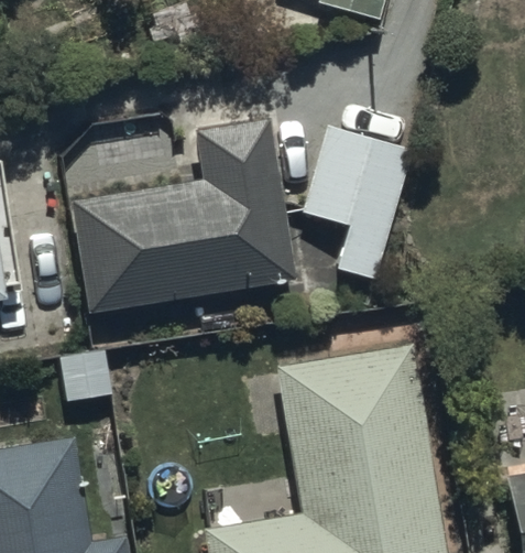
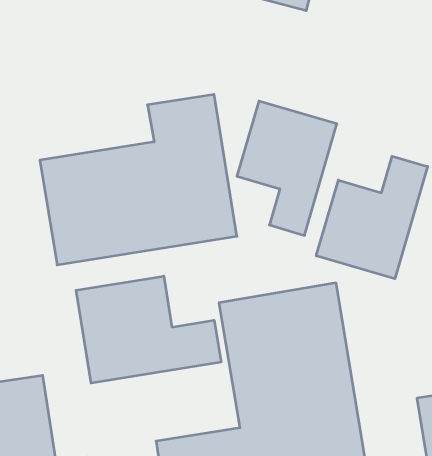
building: none -> [316,156,428,279]
building: none -> [76,276,221,383]

